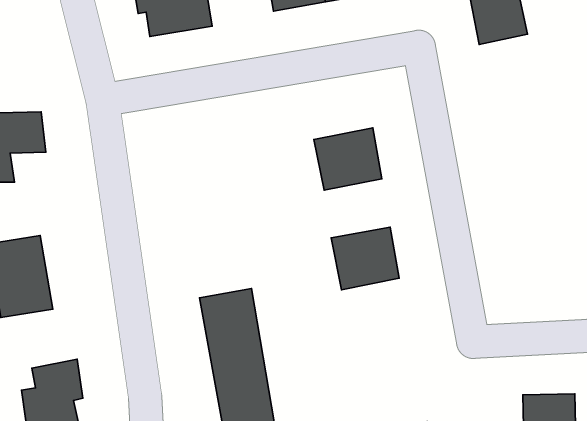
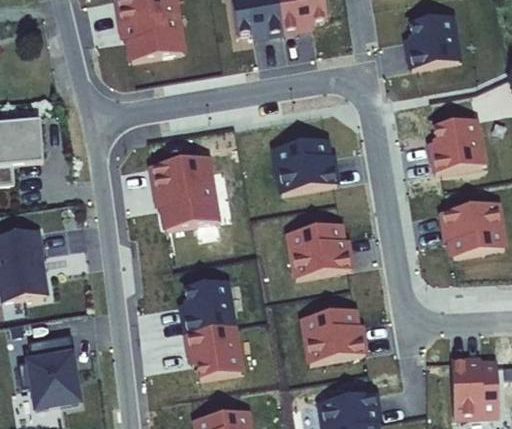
building: none -> [434,116,481,168]
building: none -> [148,152,221,225]
building: none -> [445,200,505,255]
building: none -> [304,304,363,358]

